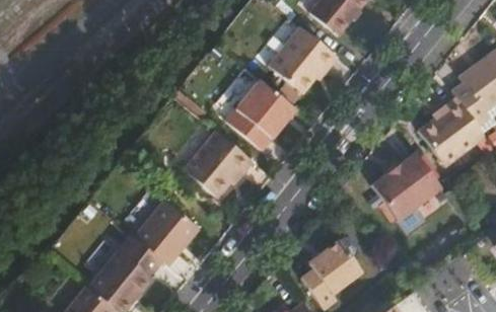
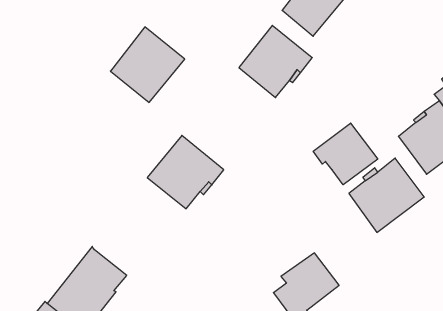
building: [225,79,295,150] -> [110,27,185,102]
building: none -> [313,123,378,185]
building: [132,199,199,266] -> none

